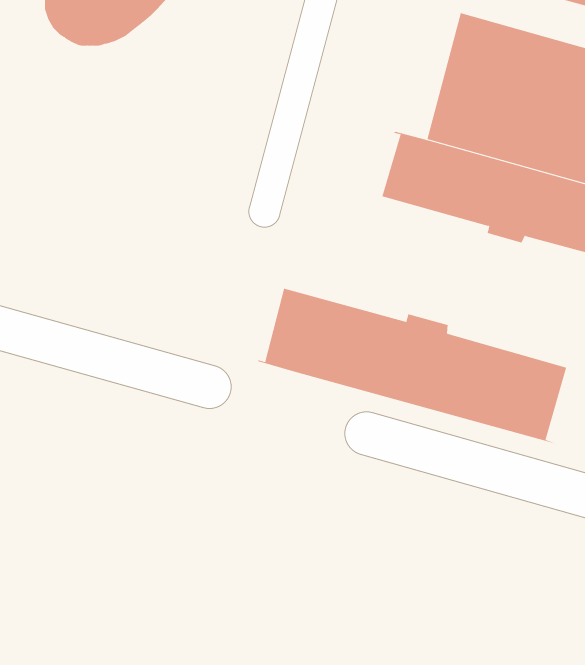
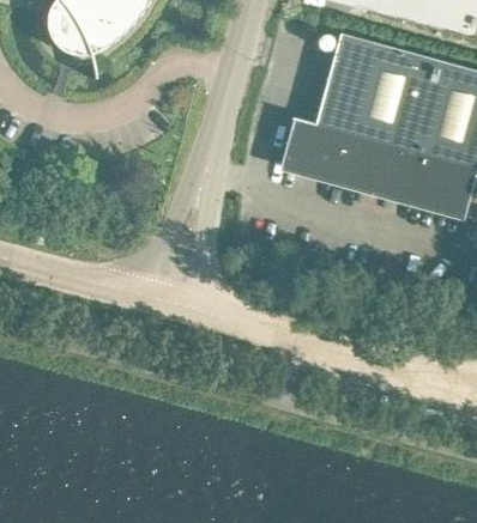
building: [257,288,567,445] -> none

